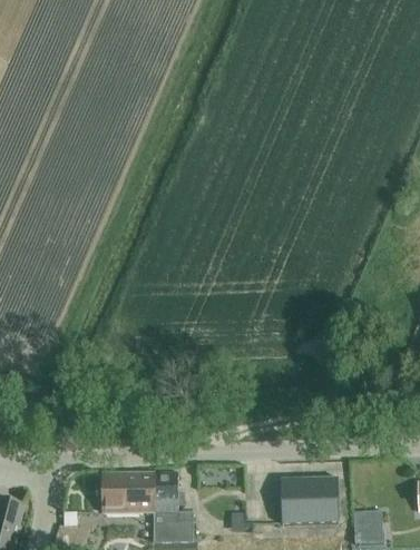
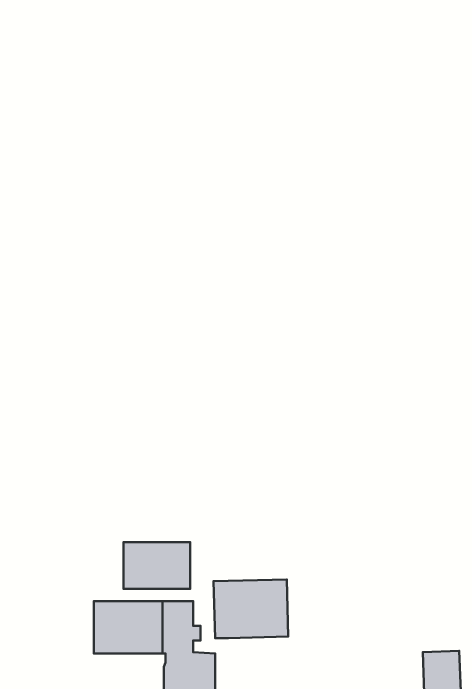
building: none -> [123,542,190,589]
building: [282,478,339,522] -> [214,580,288,638]

